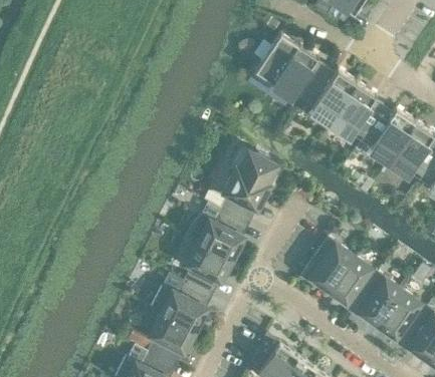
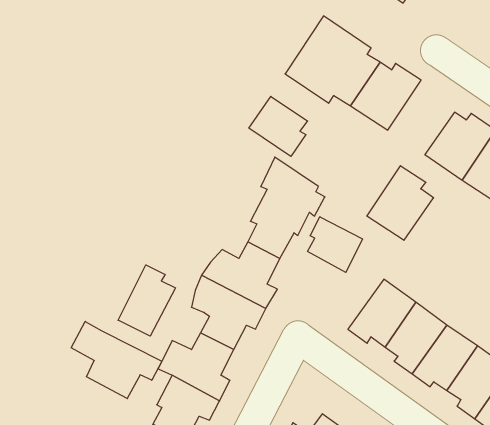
building: [330,82,382,140] -> [367,166,434,240]
building: none -> [249,96,308,156]
building: none -> [308,217,362,272]
building: none -> [118,265,175,336]
building: none -> [71,321,162,399]

